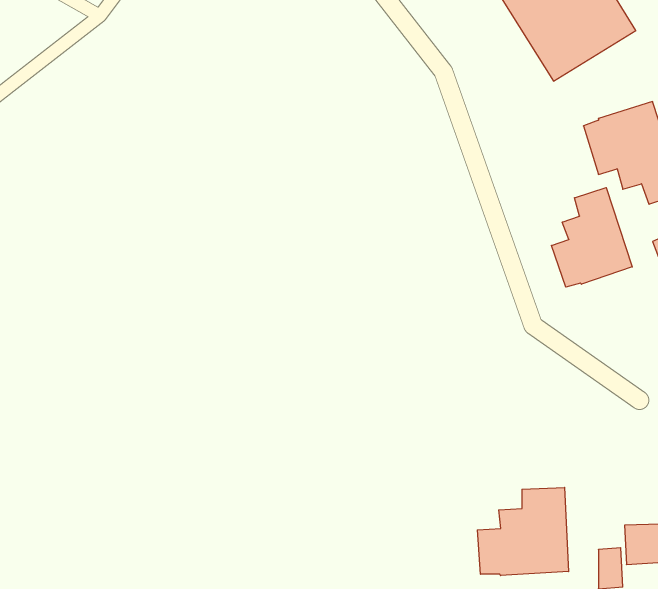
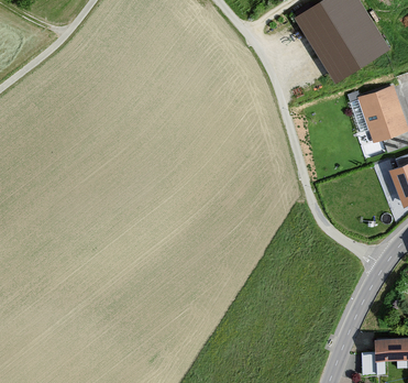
building: [551,188,632,287] -> none
building: [477,487,569,576] -> none

